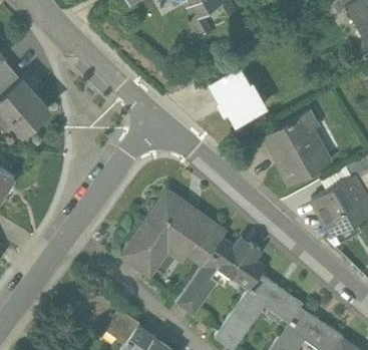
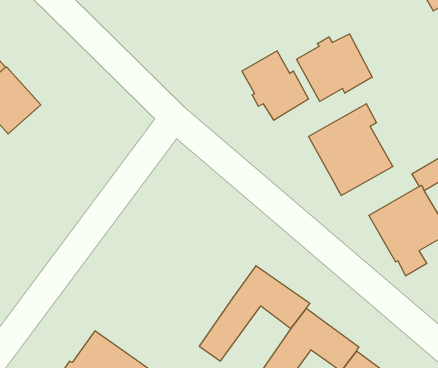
building: none -> [296,34,372,101]
building: [122,192,226,276] -> none

